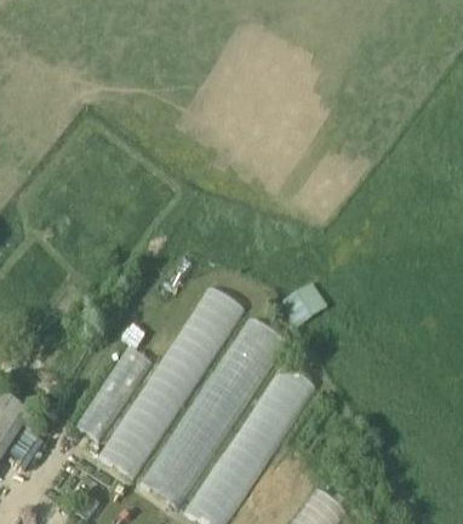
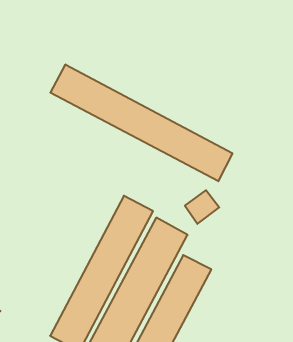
building: none -> [50,64,232,181]
building: [76,346,150,442] -> none

